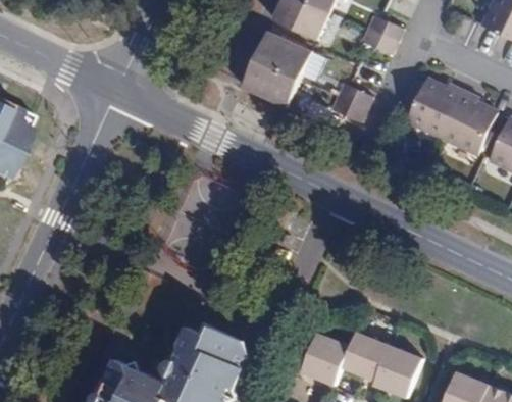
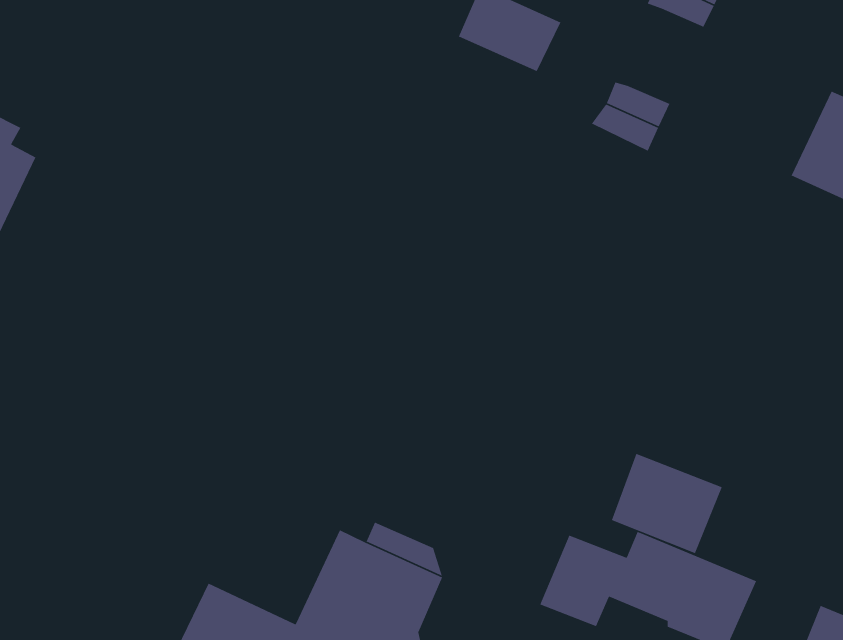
building: [241,59,299,107] -> none
building: [405,79,461,136] -> none
building: none -> [611,453,723,554]

